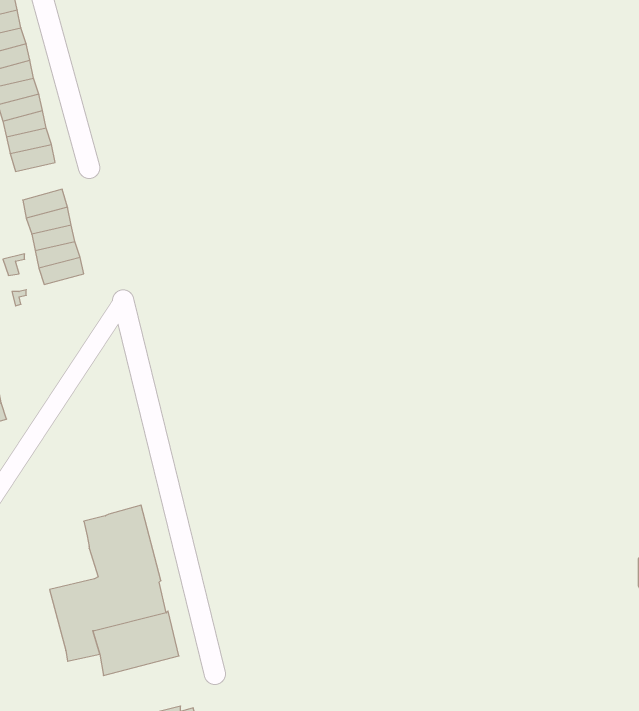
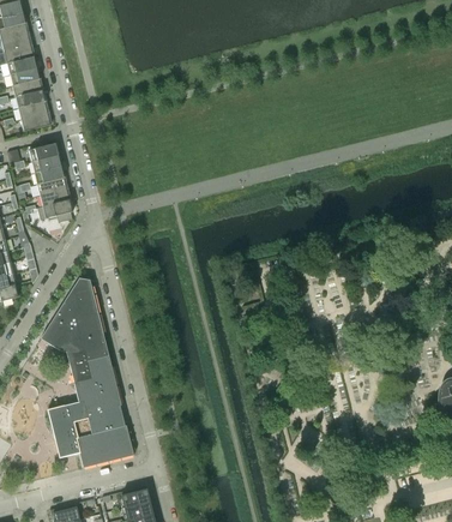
building: none -> [37,199,72,223]
building: none -> [41,278,108,365]

